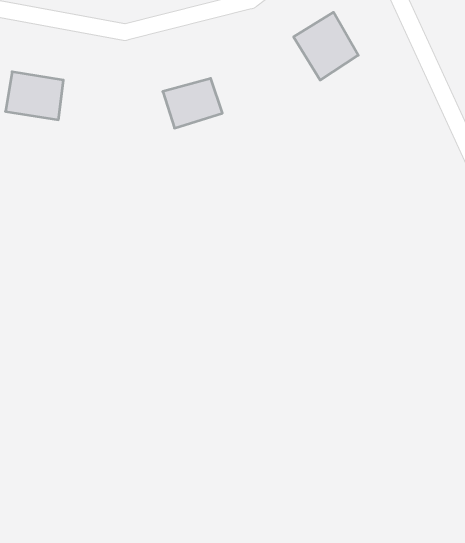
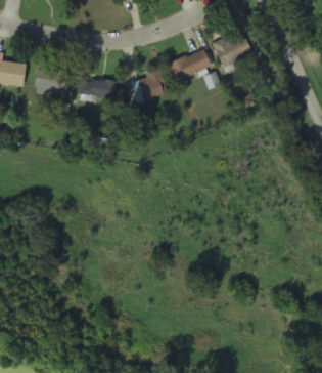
building: none -> [168,48,212,83]
building: none -> [78,80,114,98]

